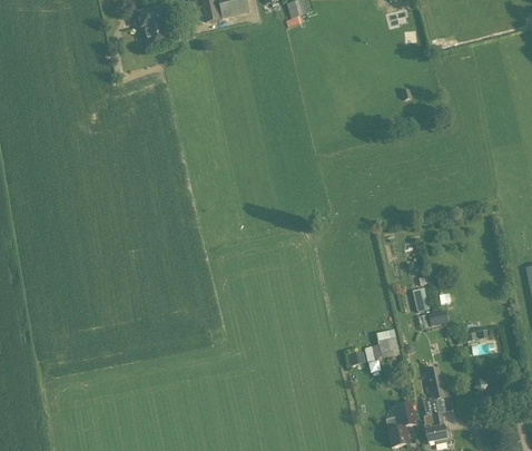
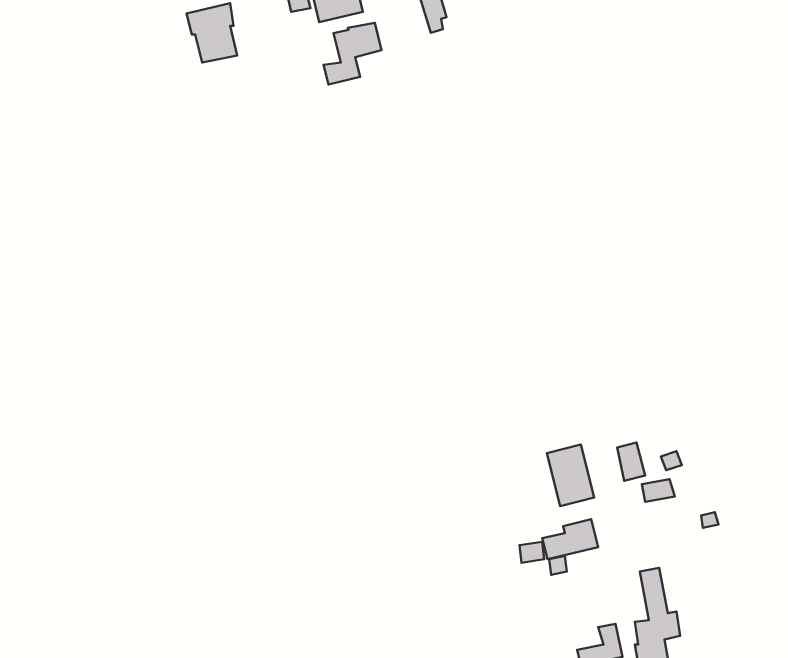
building: none -> [324,23,381,84]
building: none -> [547,445,594,506]

